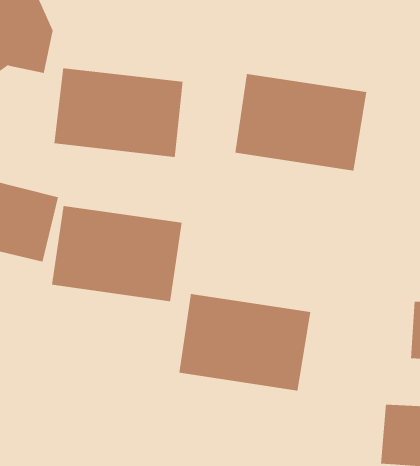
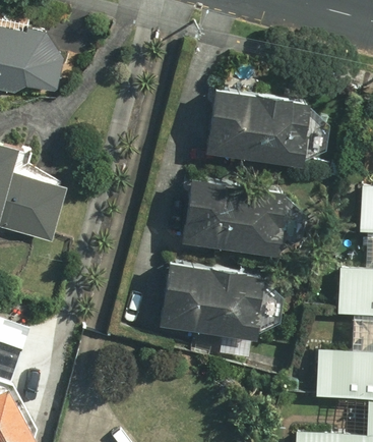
building: [54,67,183,158] -> none
building: [51,206,183,302] -> [181,180,284,256]

